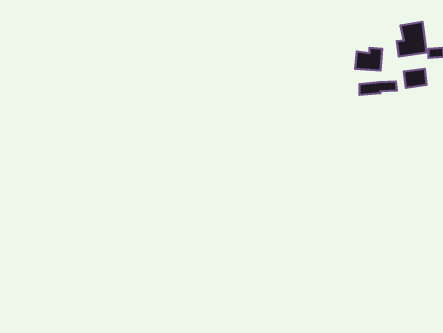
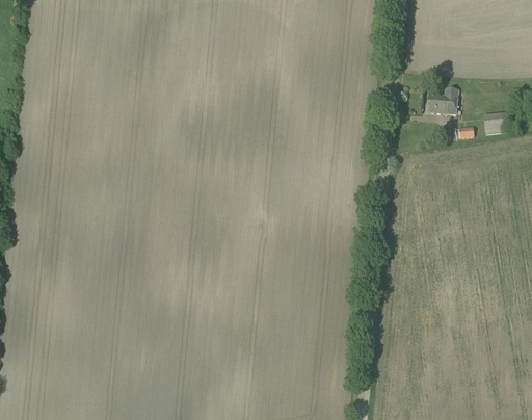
building: [397,22,427,56] -> none

